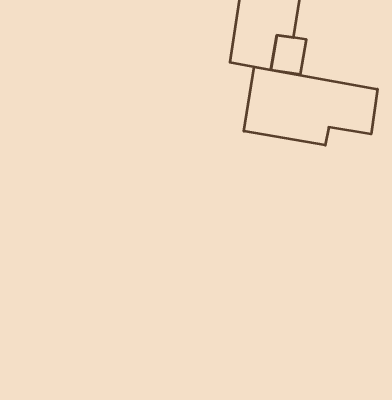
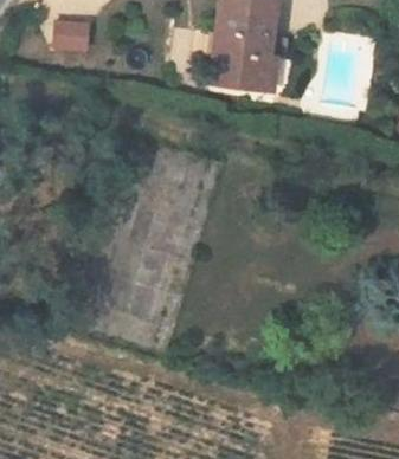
building: [244,67,377,145] -> none

